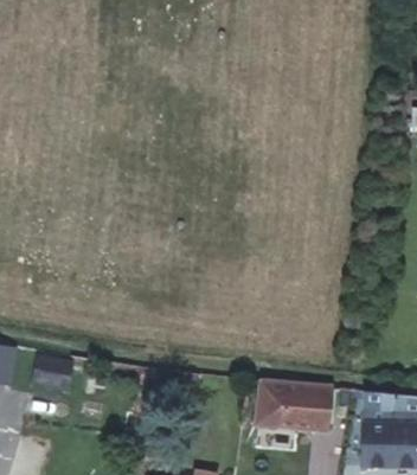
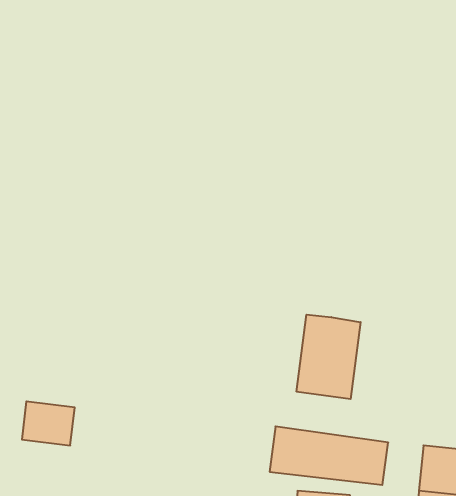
building: none -> [297,315,361,399]

